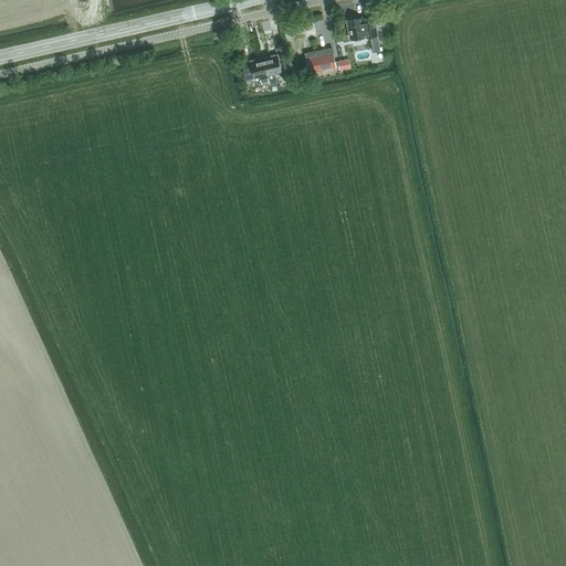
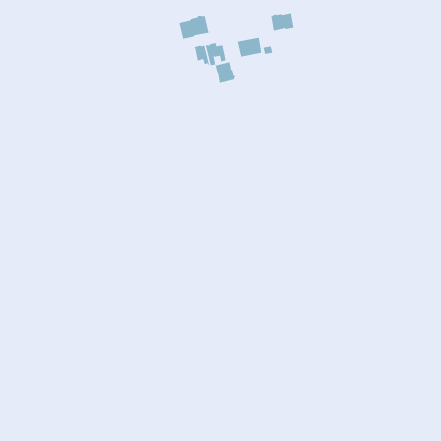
building: none -> [179,15,209,40]
building: none -> [215,62,235,84]

